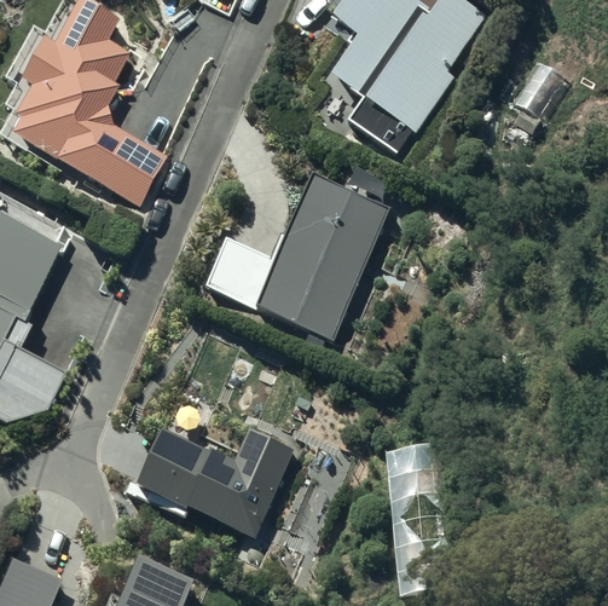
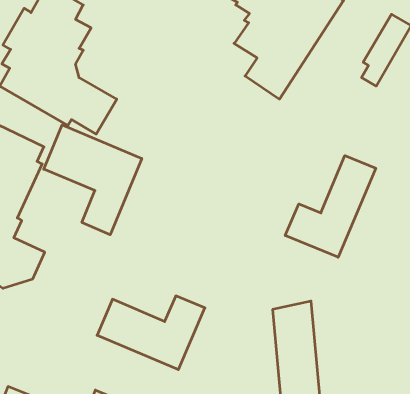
building: [207,177,389,340] -> none
building: none -> [44,125,142,235]
building: none -> [285,156,376,257]

